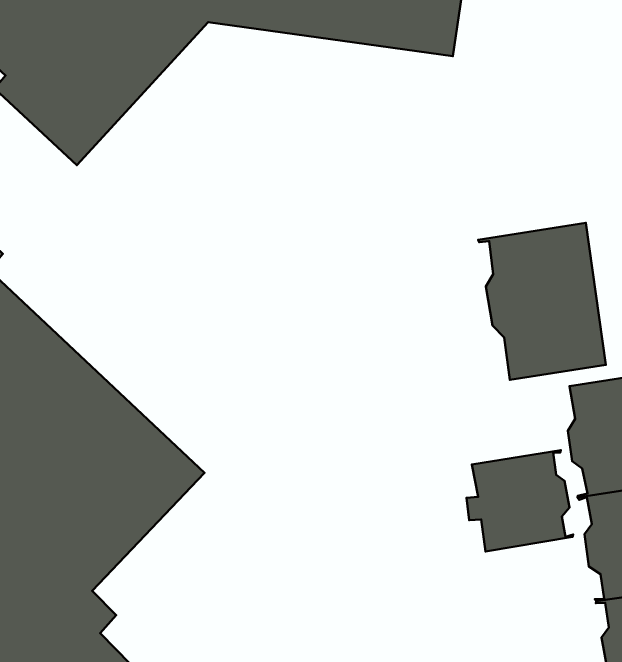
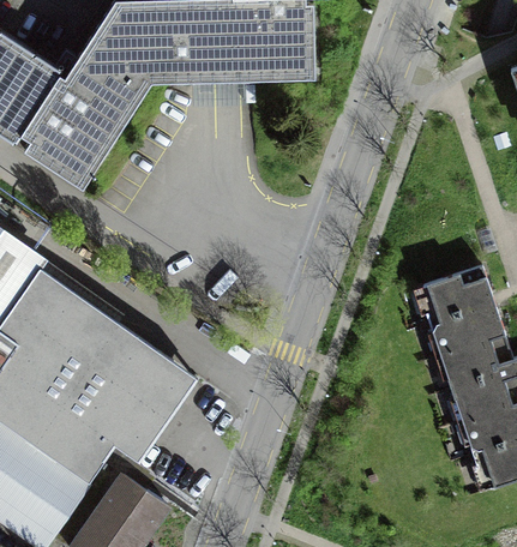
building: [478,223,606,380] -> none
building: [466,450,573,551] -> none

